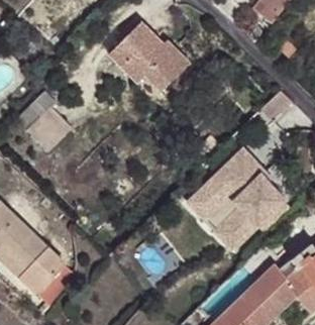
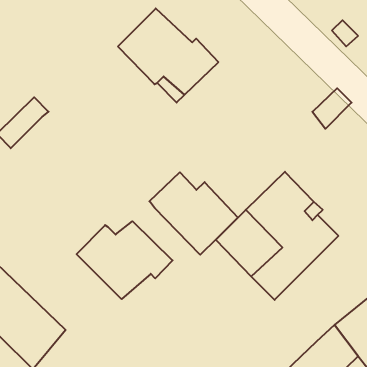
building: [28,108,72,151] -> none
building: none -> [149,172,238,255]
building: none -> [77,221,173,299]

